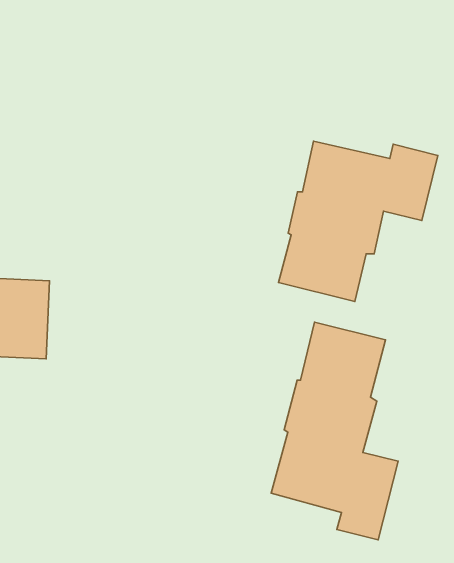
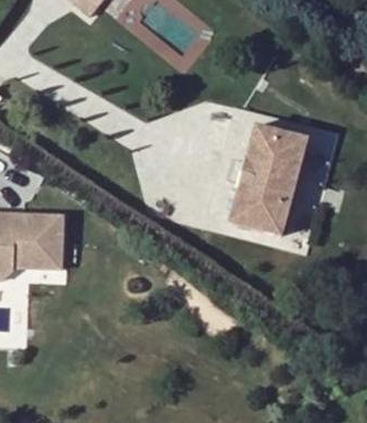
building: [271,322,398,540] -> none

